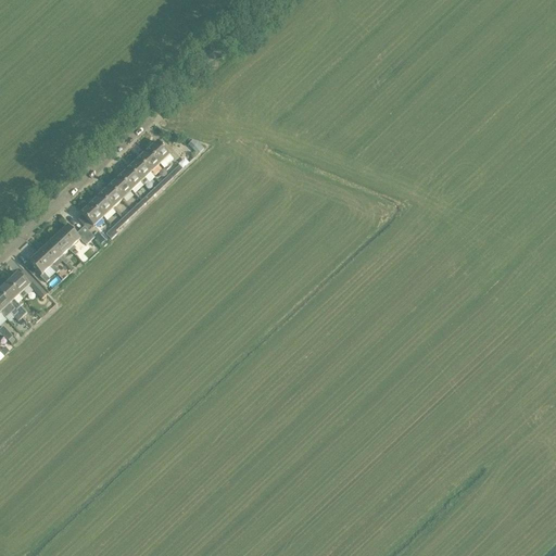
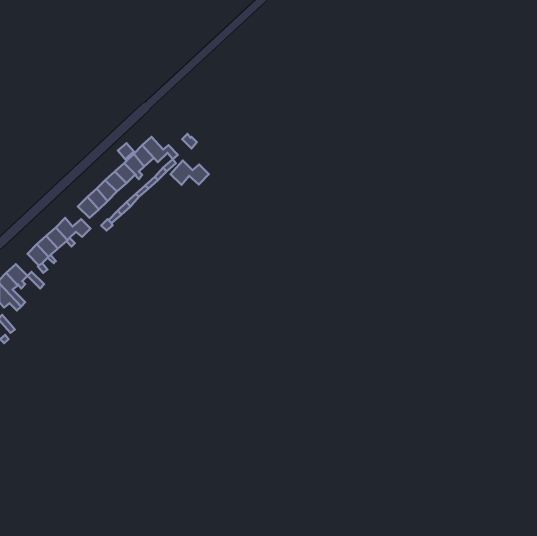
building: none -> [170,161,209,185]

